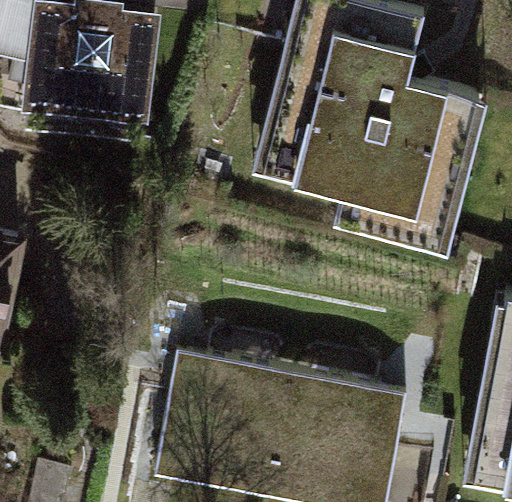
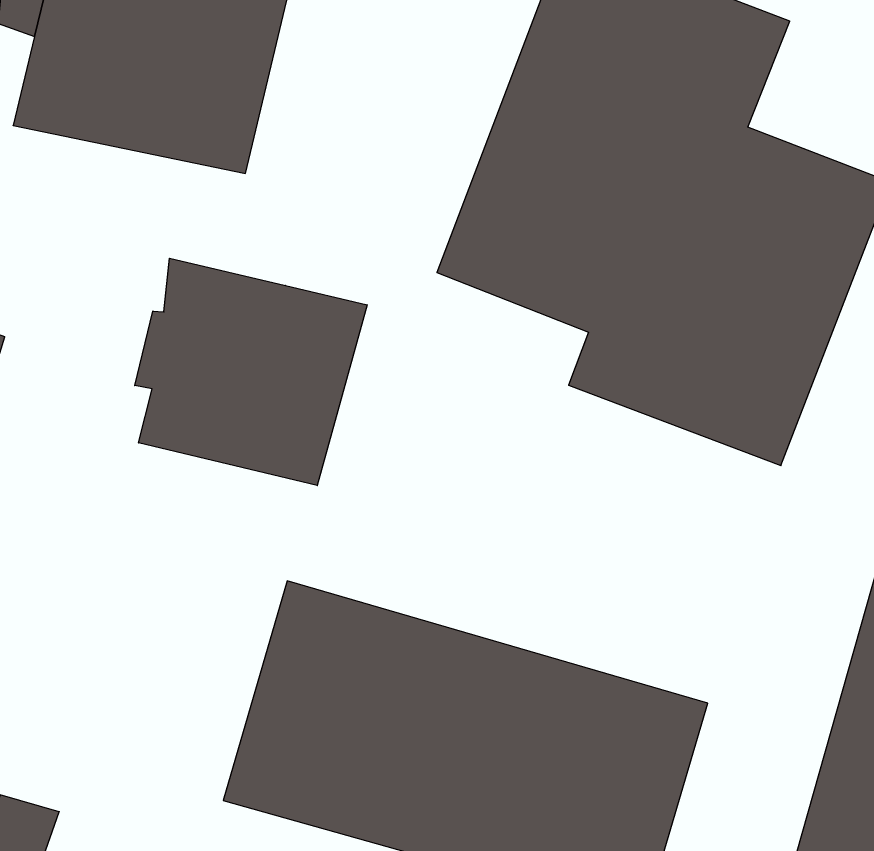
building: none -> [135,258,367,486]

